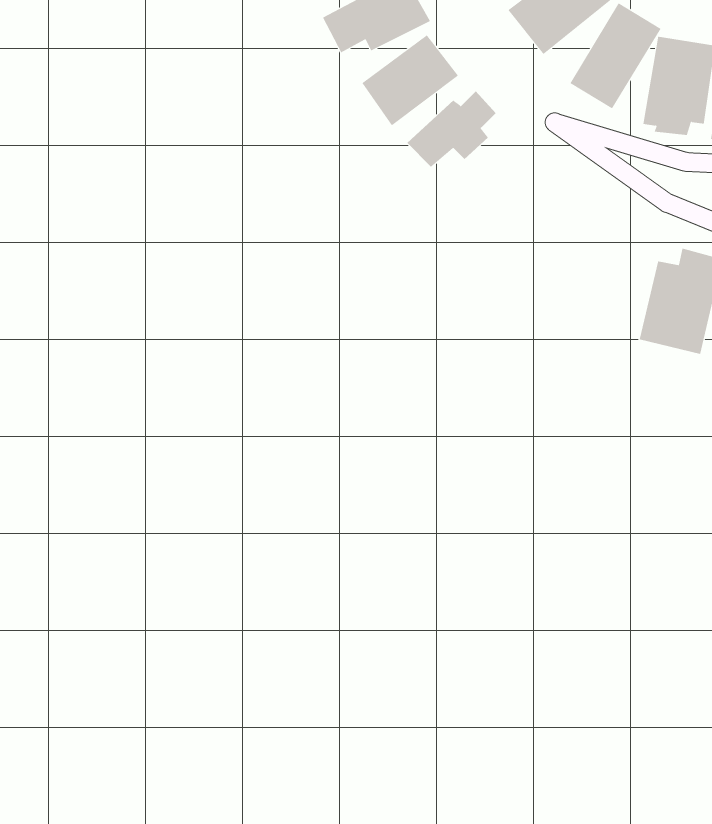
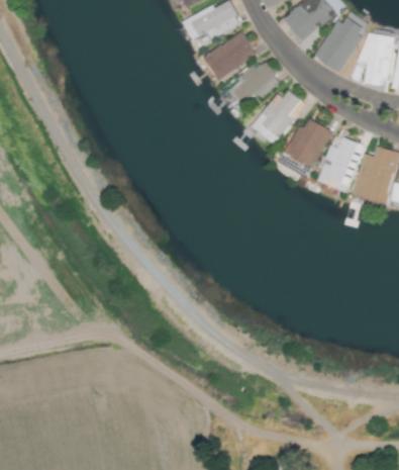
building: none -> [252,91,306,145]
building: none -> [284,118,332,169]
building: none -> [317,136,364,192]

